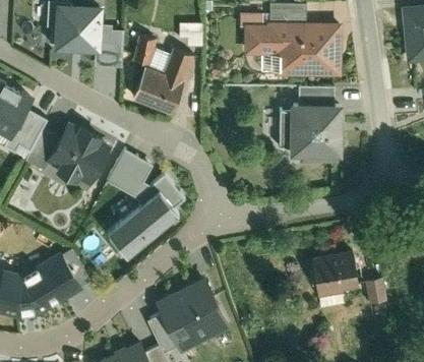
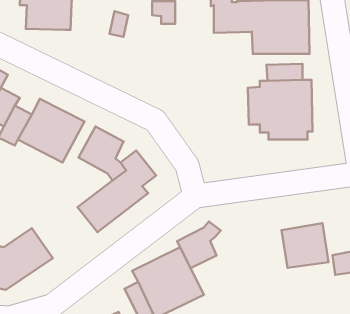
building: [92,26,122,69] -> none
building: [136,50,192,113] -> none
building: none -> [177,222,221,268]

